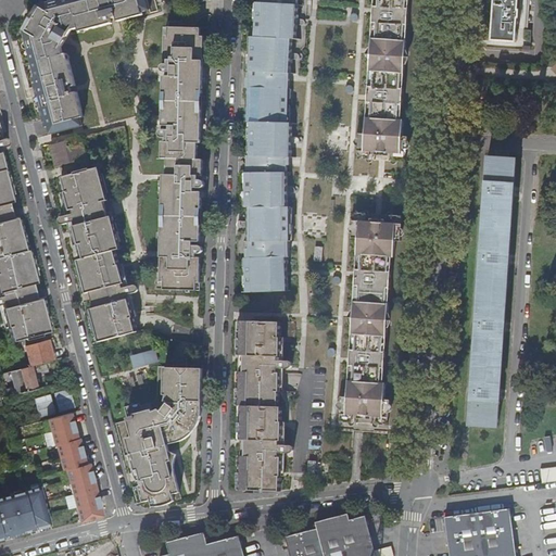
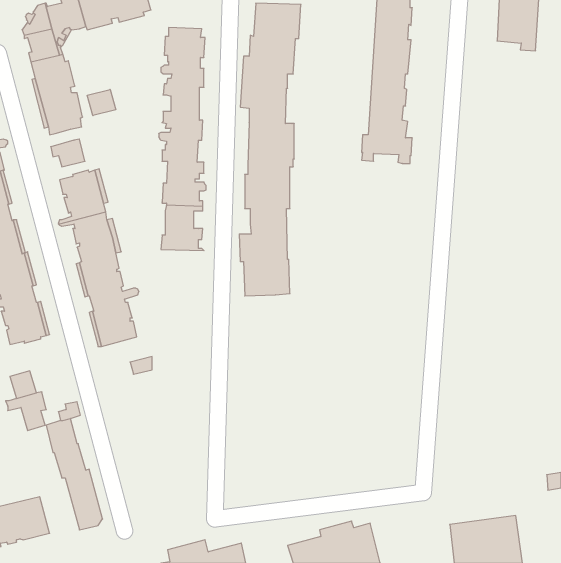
building: none -> [87,89,116,116]
building: [467,156,514,426] -> none
building: [339,212,401,424] -> none
building: [157,245,202,290] -> none
building: [240,319,292,490] -> none
building: [24,339,54,365] -> none
building: [124,367,201,505] -> none

